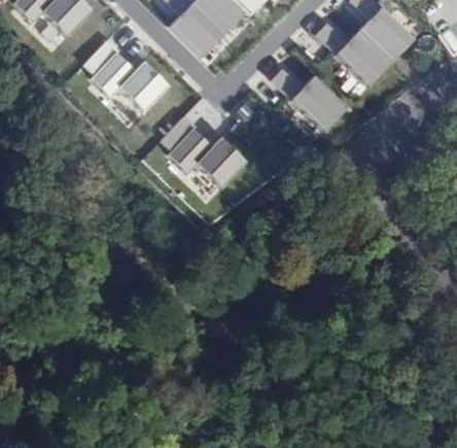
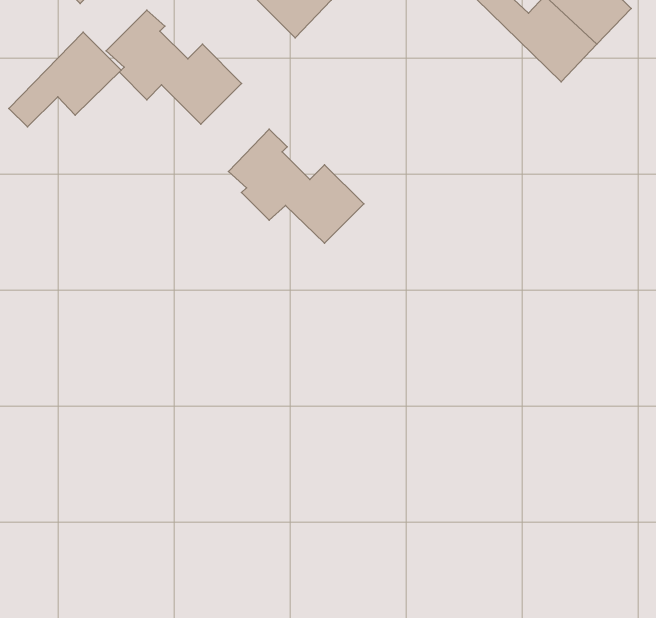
building: none -> [9,32,121,127]
building: [272,66,347,130] -> none

